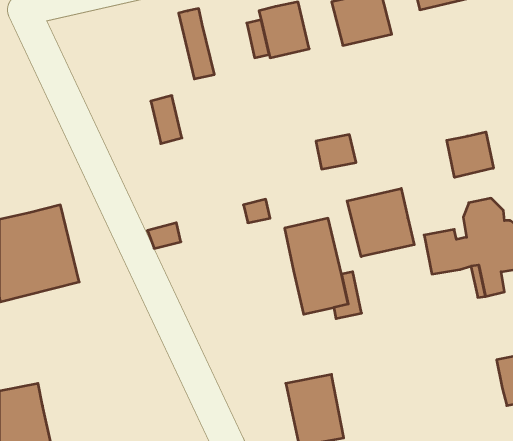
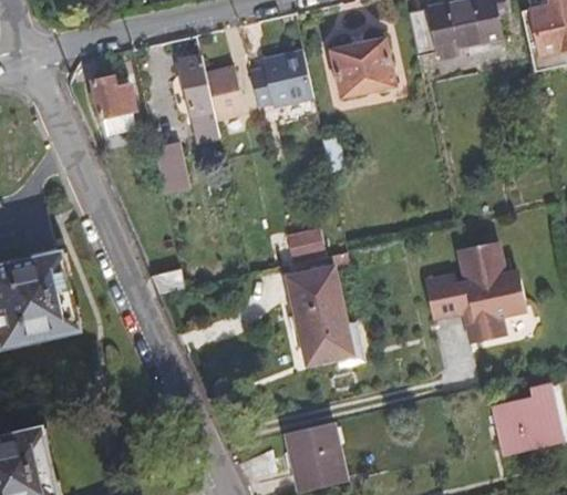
building: none -> [204,65,243,122]
building: none -> [92,76,133,133]
building: [447,132,493,177] -> none
building: [316,135,356,169] -> [285,228,324,262]
building: [347,188,414,257] -> none

